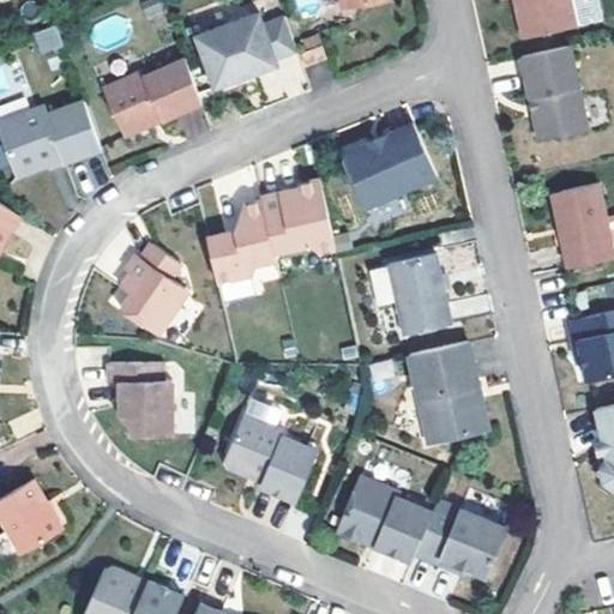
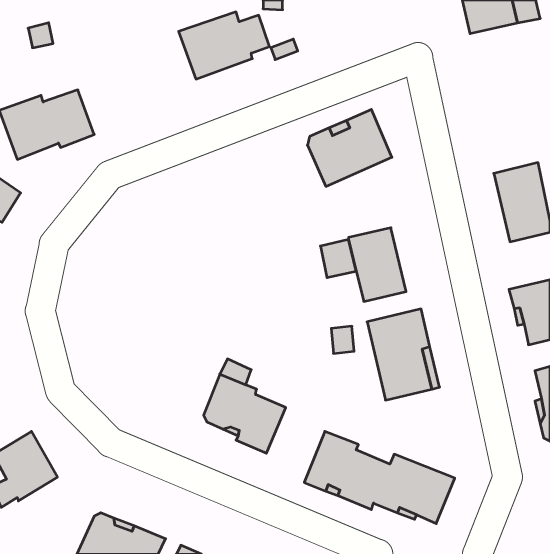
building: [518,47,584,139] -> none
building: [106,60,204,137] -> none
building: [210,180,337,282] -> none
building: [120,251,185,343] -> none
building: [110,362,175,435] -> none

